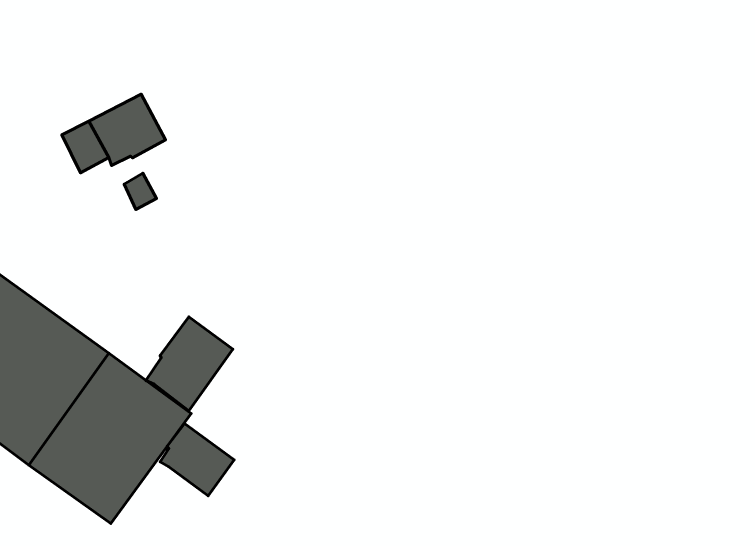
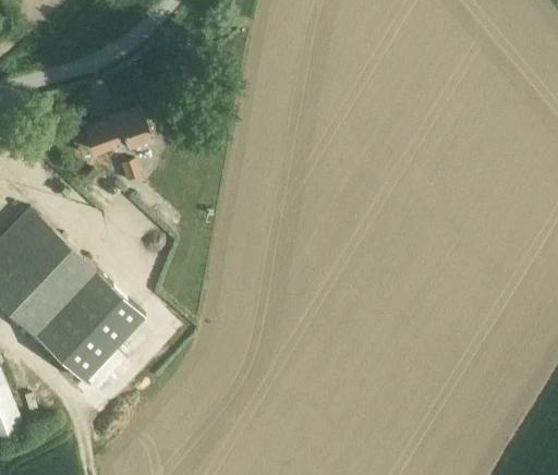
building: [146,317,233,411] -> none
building: [160,424,234,496] -> none

